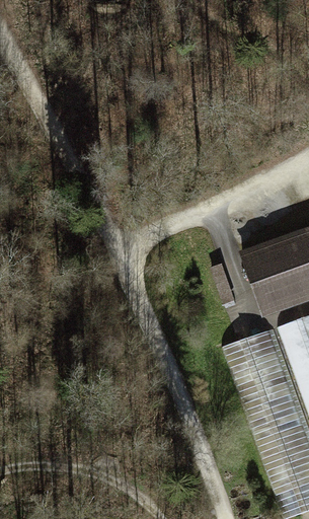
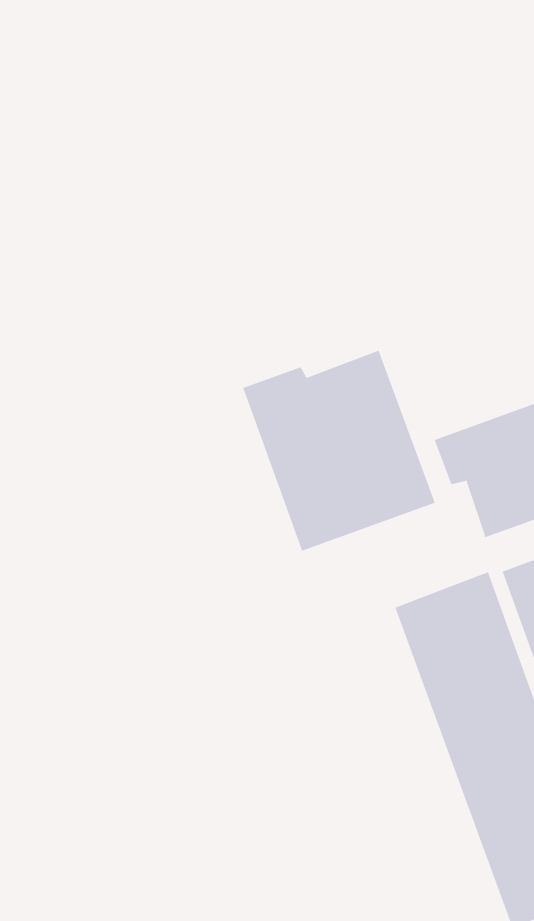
building: none -> [242,350,435,552]

